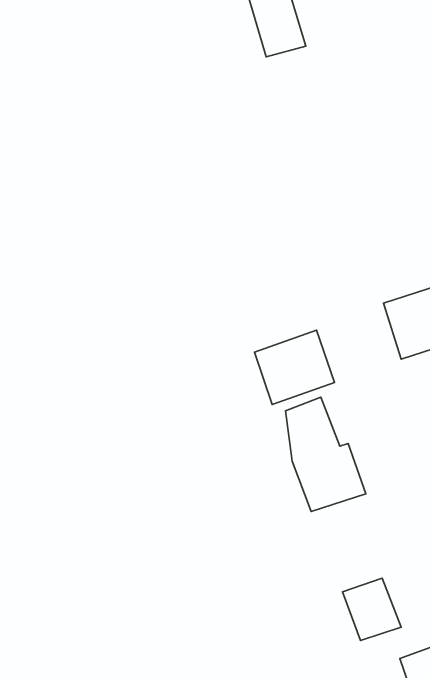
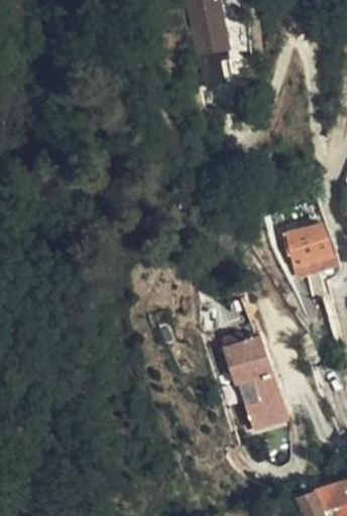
building: [254,330,335,404] -> none
building: [343,578,401,641] -> [246,388,290,434]

